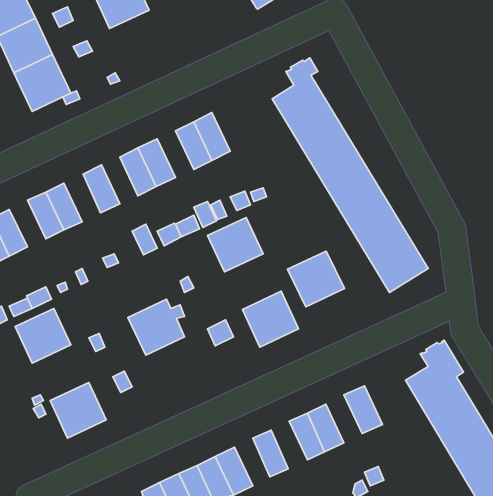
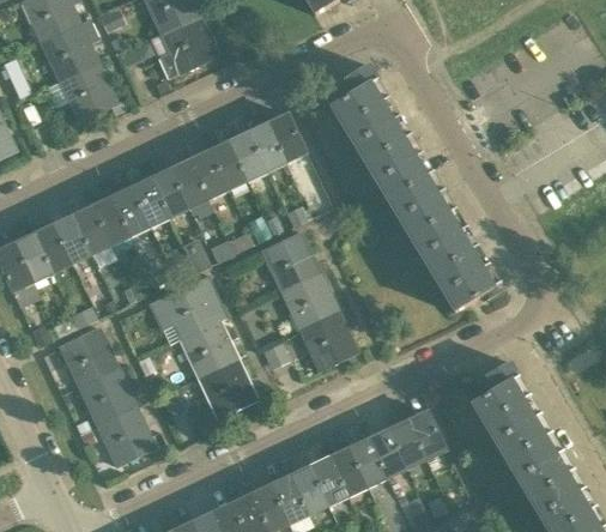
building: none -> [158,14,219,78]
building: none -> [267,113,307,163]
building: none -> [210,141,248,191]
building: none -> [151,169,189,218]
building: none -> [111,187,150,237]
building: none -> [54,214,92,264]
building: [287,251,344,307] -> [280,271,340,330]
building: none -> [160,279,219,338]
building: none -> [198,358,257,417]
building: none -> [78,367,138,425]
building: none -> [387,419,425,470]
building: none -> [329,447,368,497]
building: none -> [291,465,328,515]

